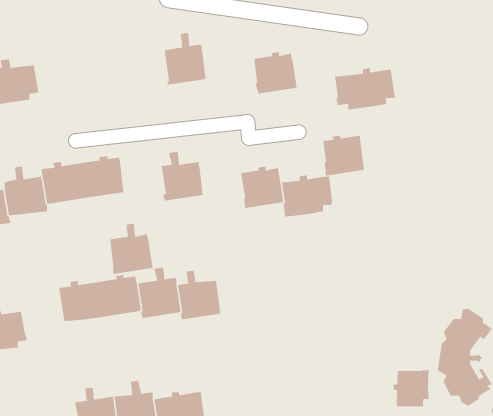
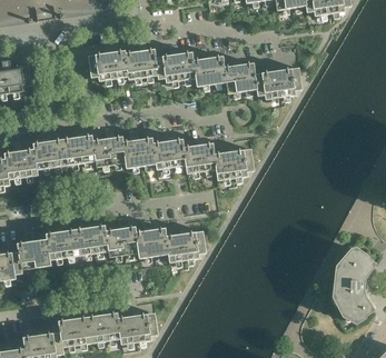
building: none -> [156,44,196,82]
building: none -> [88,50,129,81]
building: [322,135,365,176] -> [225,62,257,93]
building: none -> [154,138,187,169]
building: [109,223,154,274] -> [93,128,127,167]
building: none -> [167,230,206,262]
building: none -> [17,231,51,269]
building: [393,369,429,407] -> none

